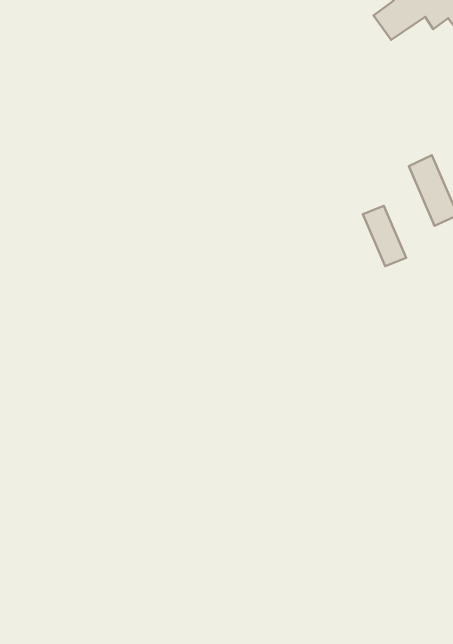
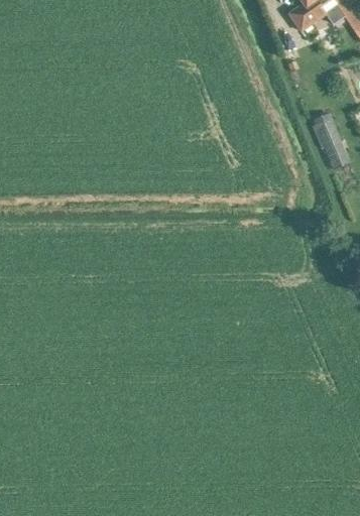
building: [363,206,406,266] -> none

